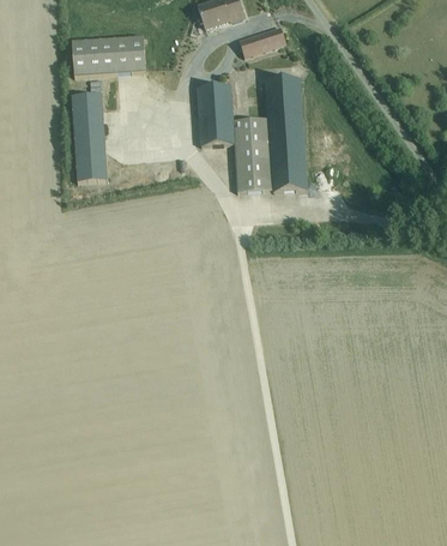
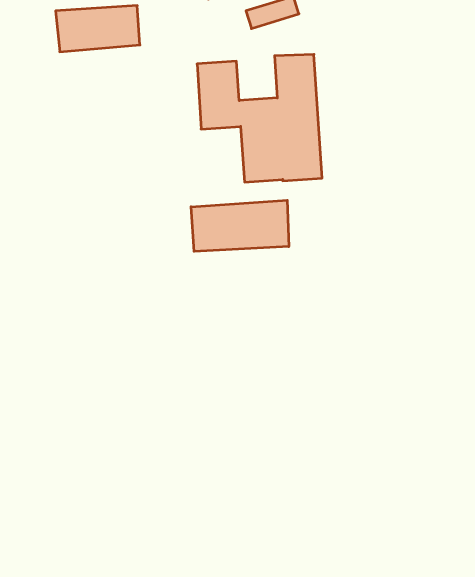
building: [72,92,108,181] -> none
building: none -> [191,200,289,251]

